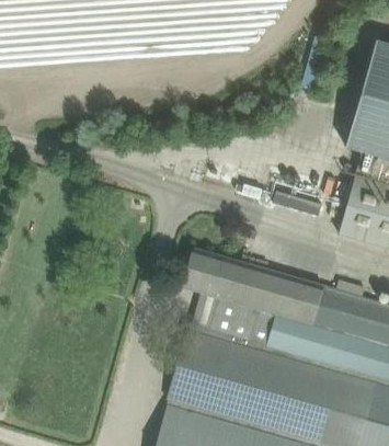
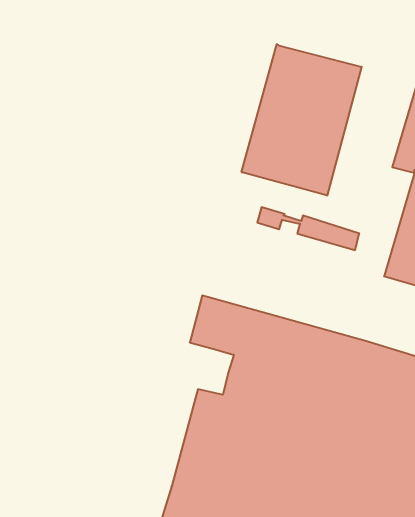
building: none -> [242,44,362,196]

